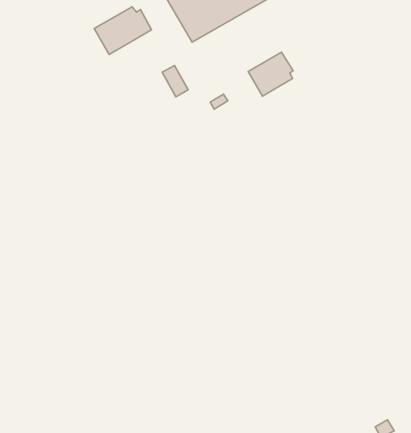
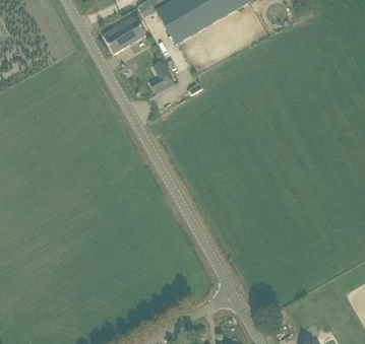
building: [248,52,293,96] -> none

